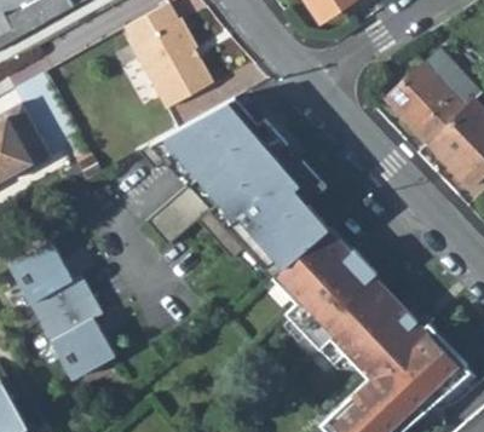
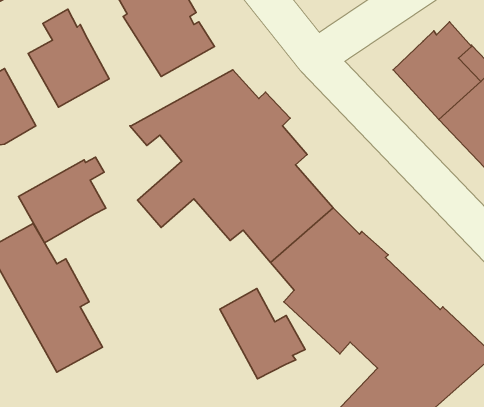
building: none -> [28,9,109,107]
building: none -> [18,157,106,243]
building: none -> [220,289,305,379]

